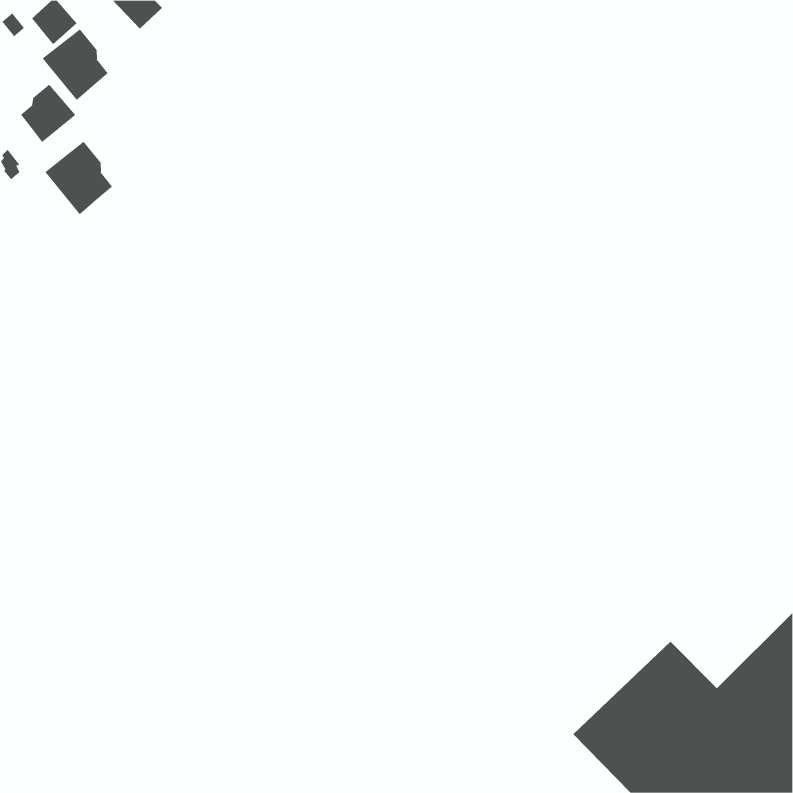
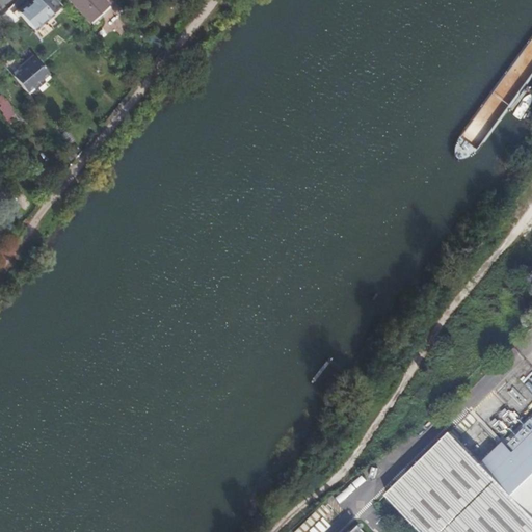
building: [42,29,108,101] -> none
building: [44,141,113,215] -> none

